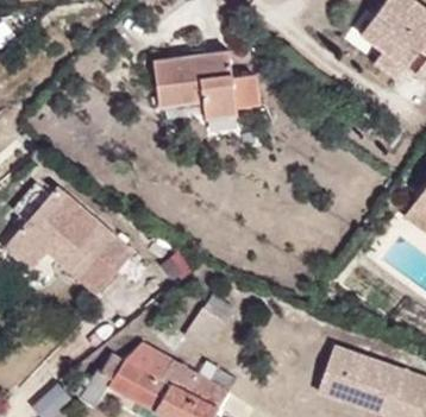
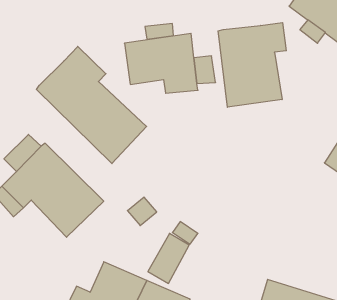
building: none -> [218,23,286,107]
building: none -> [36,46,147,164]

